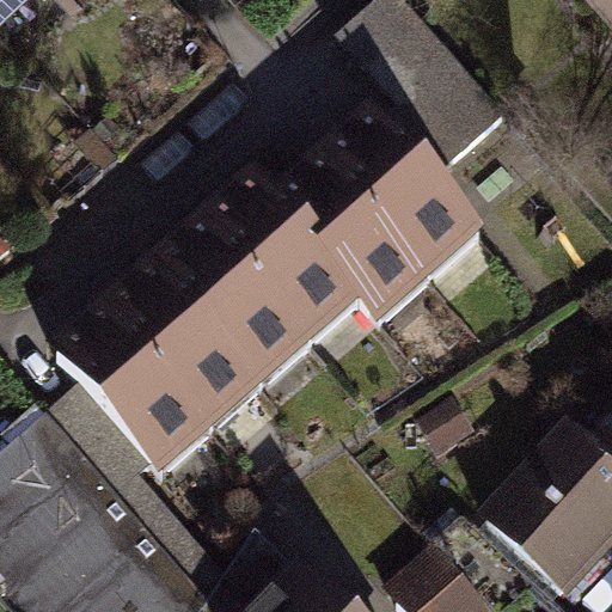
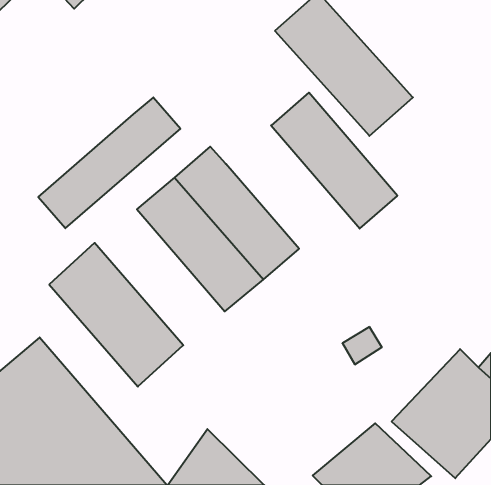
building: none -> [38,97,180,228]
building: [280,155,446,331] -> none
building: [117,259,279,428] -> none

